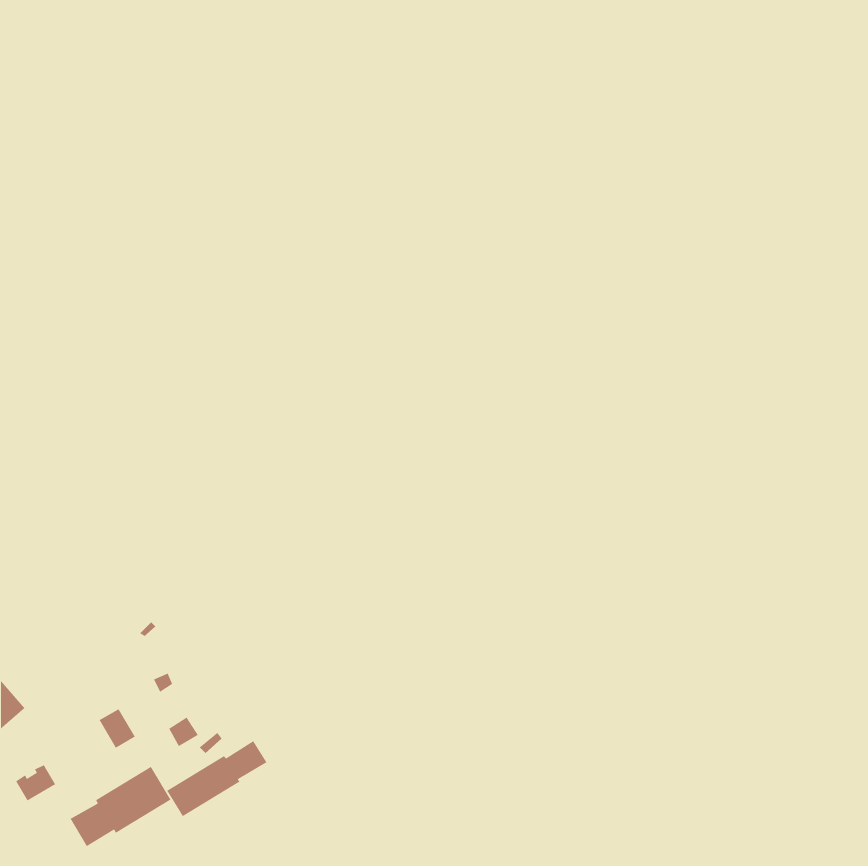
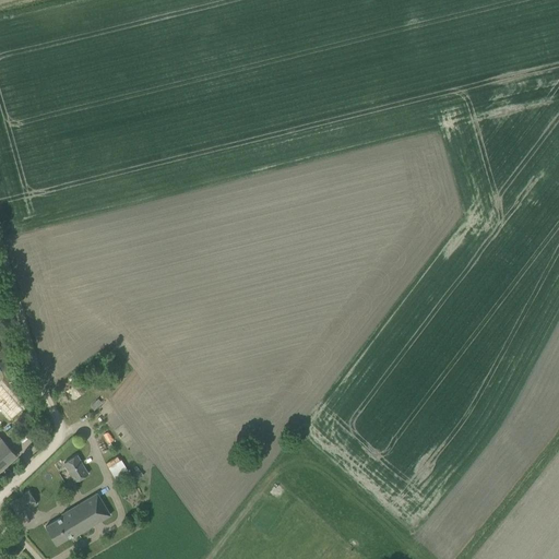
building: [166,740,267,817] -> none

